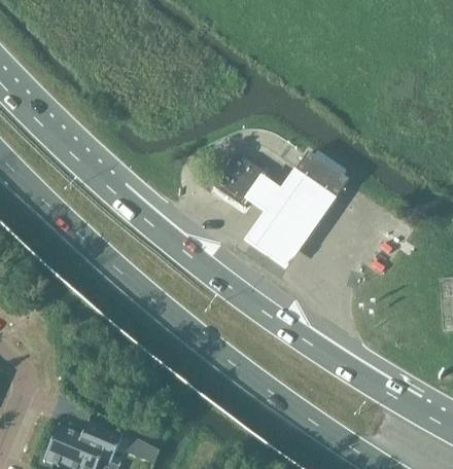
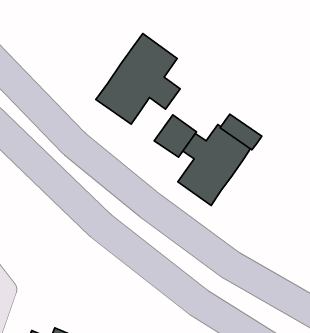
building: none -> [96,34,180,124]

